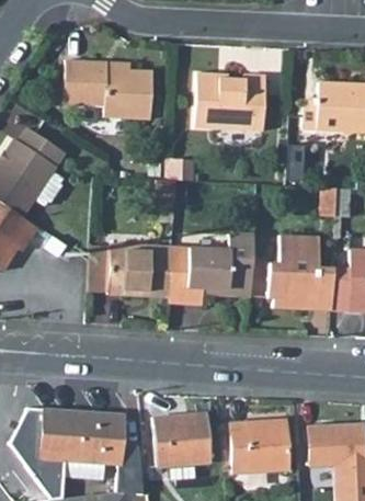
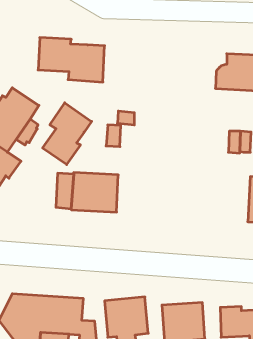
building: [194,73,266,132] -> none
building: none -> [43,103,92,165]
building: [169,234,254,304] -> none
building: [267,235,333,310] -> none

